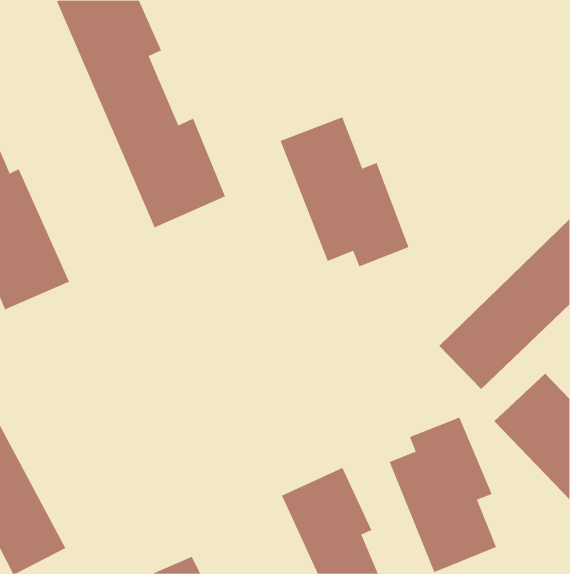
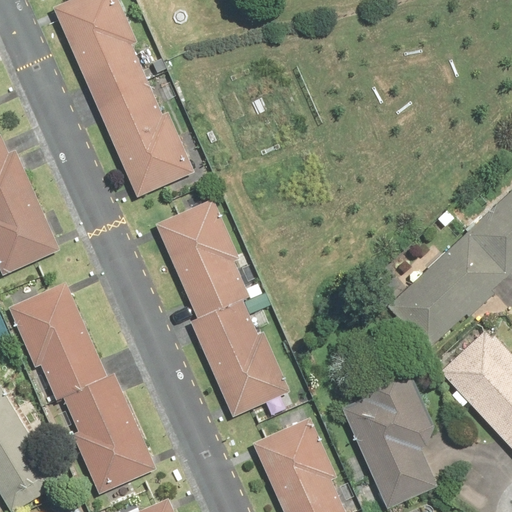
building: [280,116,409,267] -> none
building: none -> [158,199,293,418]
building: none -> [13,288,159,494]

